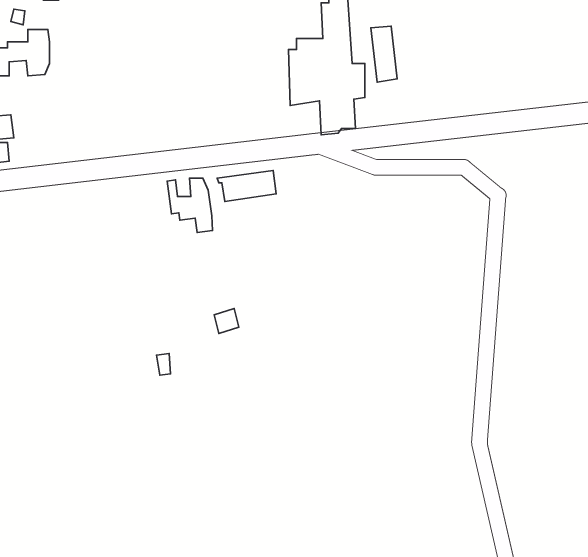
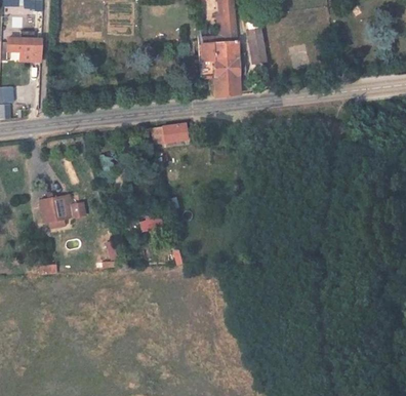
building: [167,178,213,233] -> none
building: none -> [39,194,73,223]

